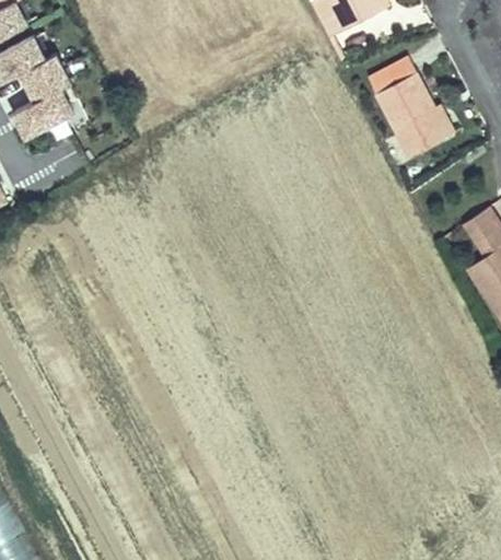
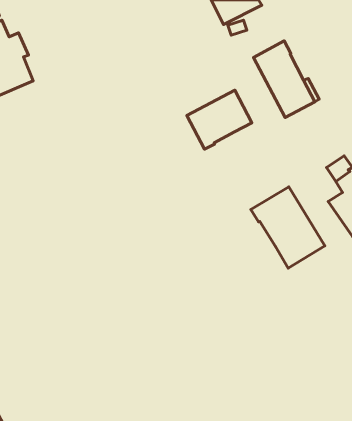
building: none -> [187,90,252,149]
building: none -> [251,187,325,268]

